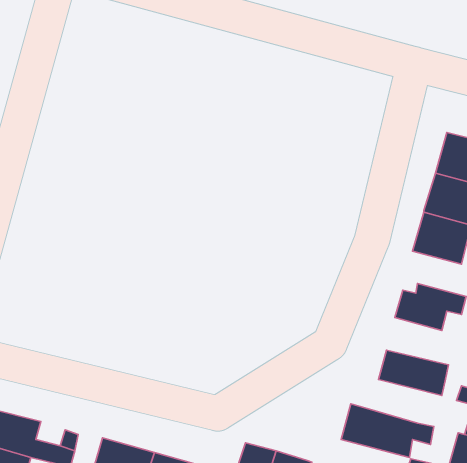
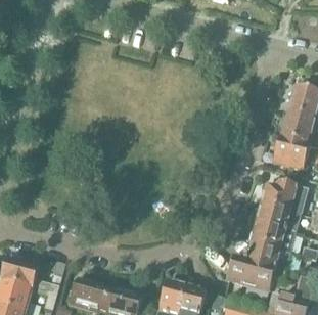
building: none -> [256,201,301,232]
building: none -> [243,240,290,270]

